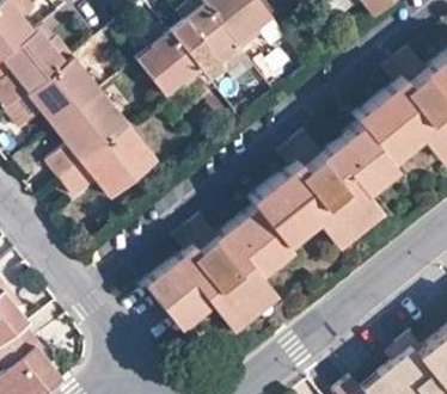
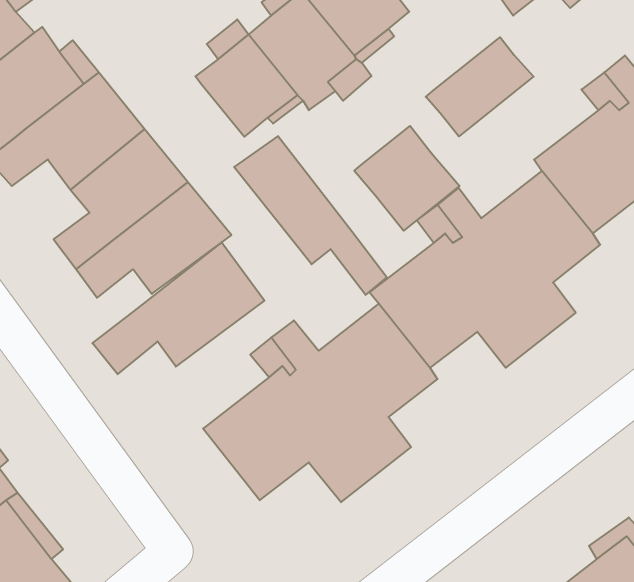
building: none -> [426,37,534,136]
building: none -> [354,126,460,231]
building: none -> [234,136,387,295]
building: none -> [92,242,264,374]

